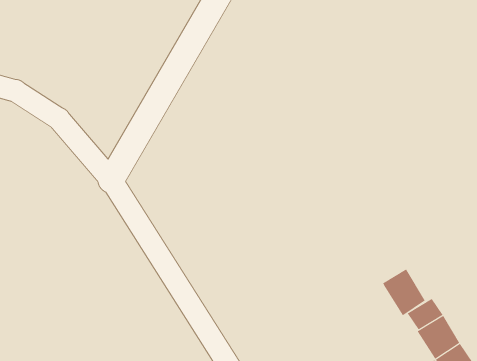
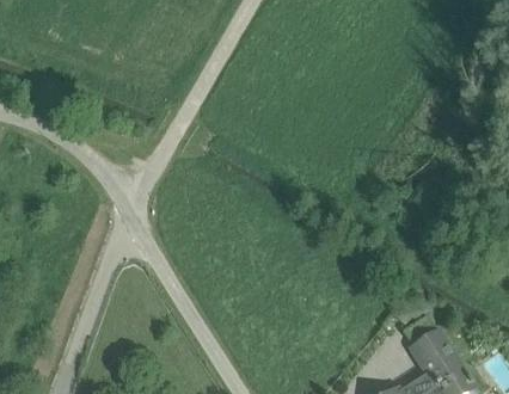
building: [382,268,426,316] -> none

